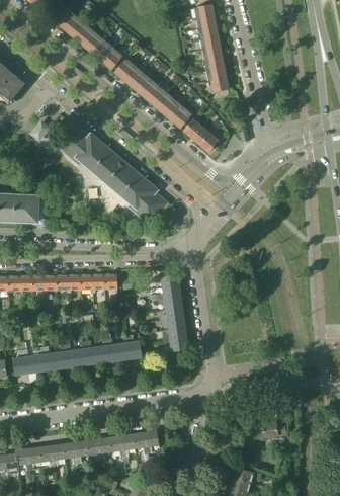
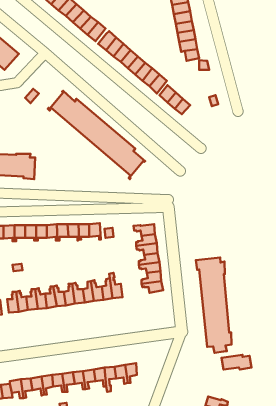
building: none -> [196,258,232,353]

